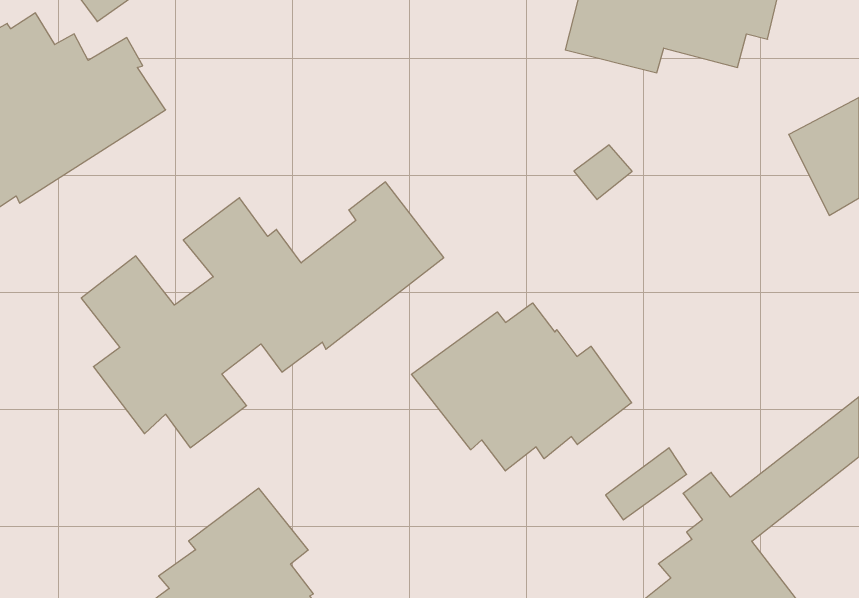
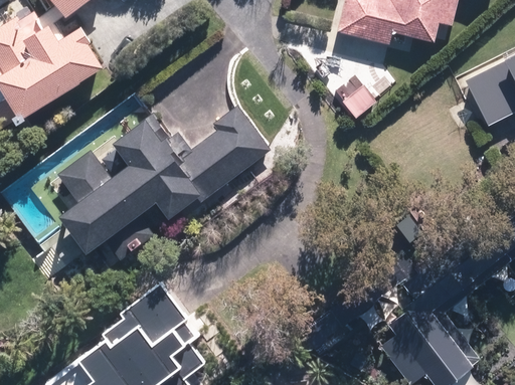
building: [411,303,632,471] -> none

